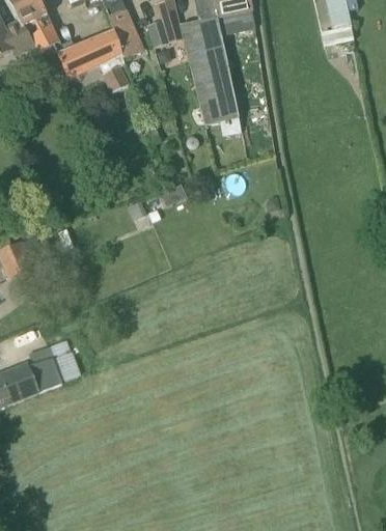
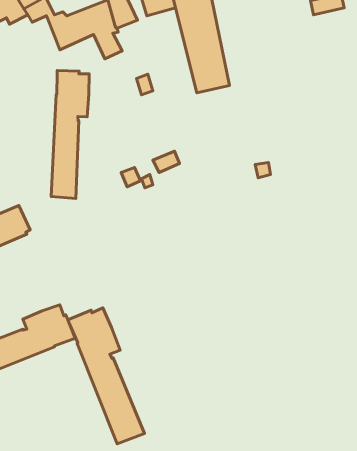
building: none -> [51,70,89,199]
building: none -> [68,308,144,444]

